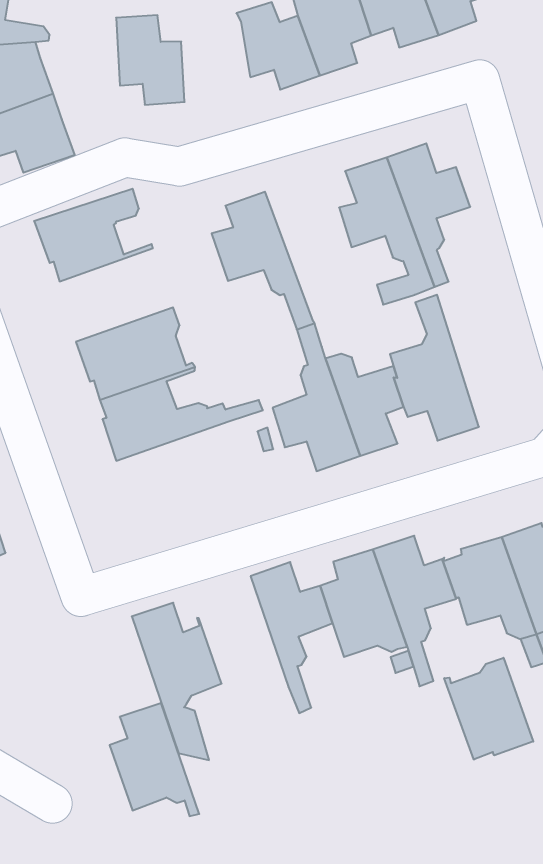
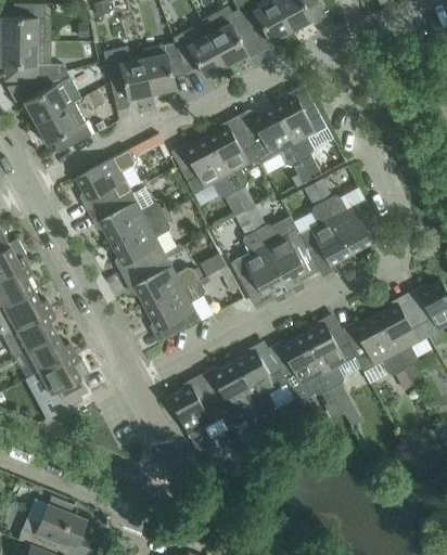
building: none -> [142,42,187,94]
building: none -> [206,127,261,209]
building: none -> [95,182,164,244]
building: none -> [316,179,376,255]
building: none -> [145,275,210,340]
building: [444,658,533,760] -> none
building: [110,703,199,816] -> [208,363,267,428]

